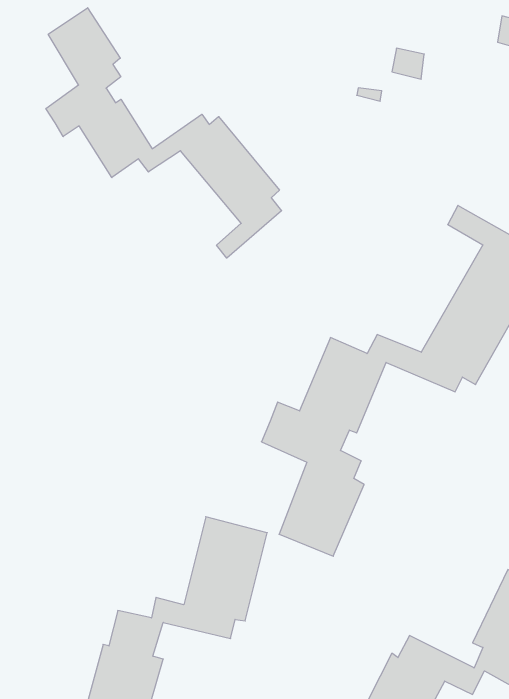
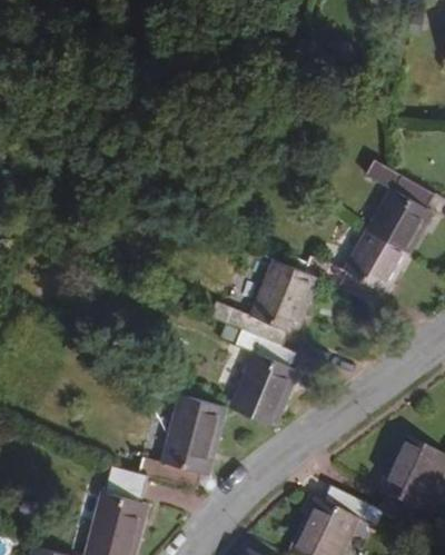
building: [46,8,282,258] -> none

